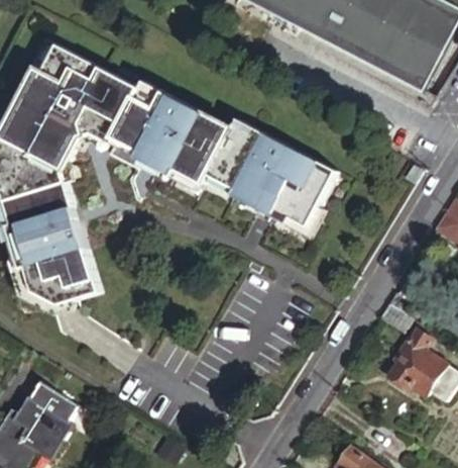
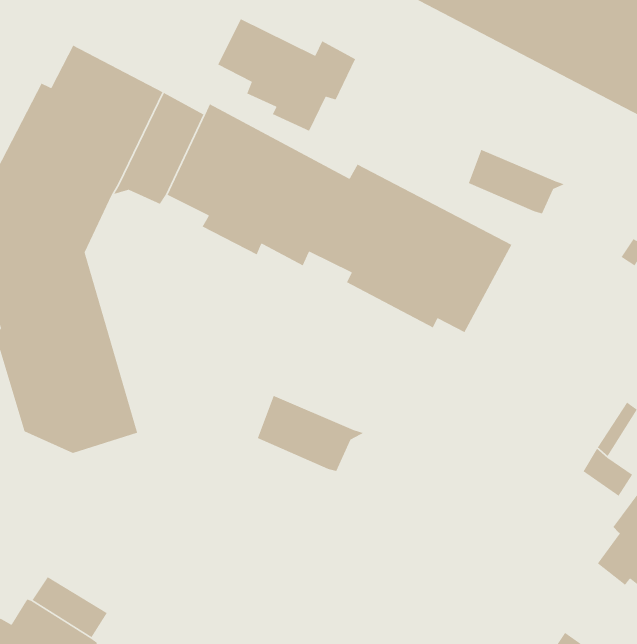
building: none -> [217,18,356,132]
building: none -> [468,149,566,214]
building: none -> [257,395,365,472]

